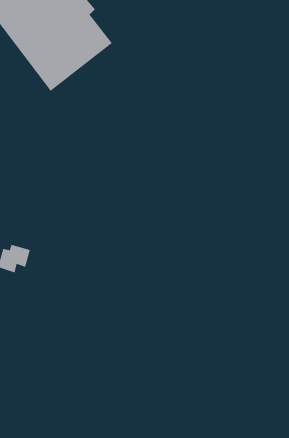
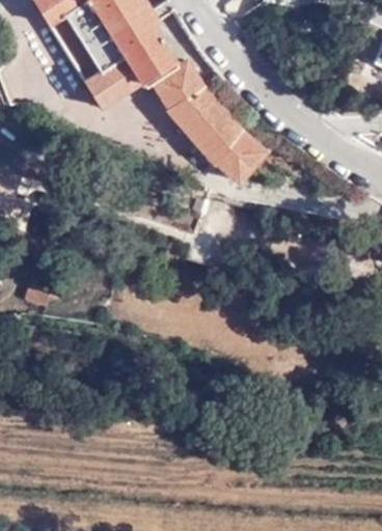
building: none -> [153,60,266,181]

